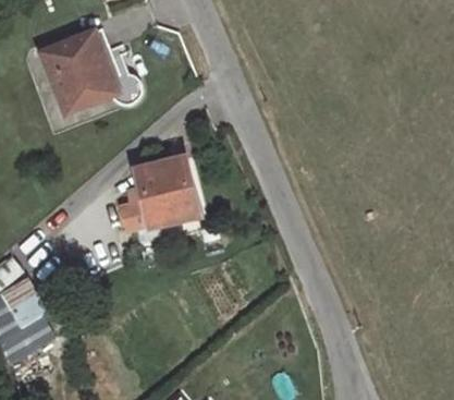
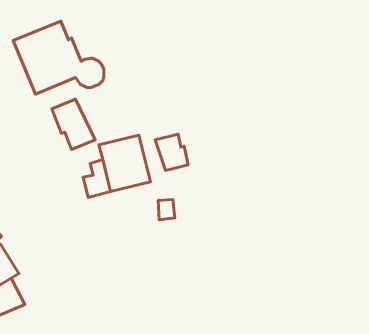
building: none -> [52,99,95,150]
building: none -> [155,134,188,171]

